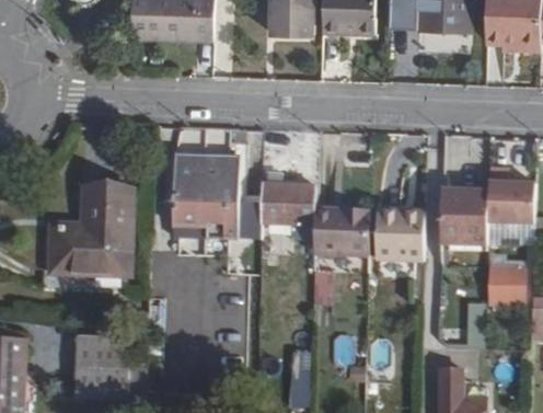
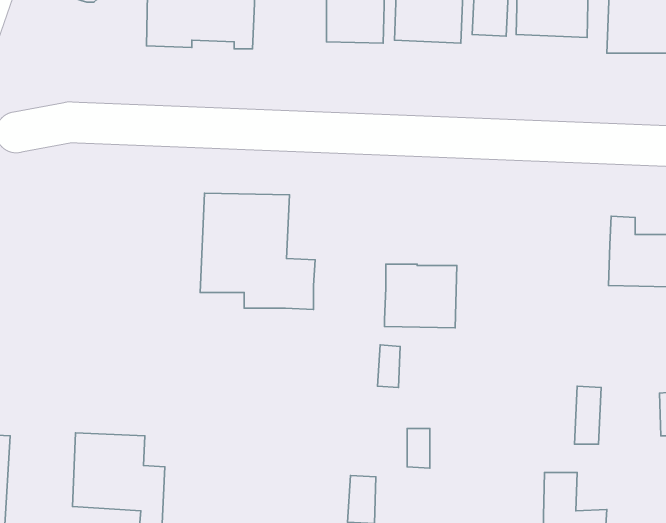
building: [259,171,316,226] -> none
building: [440,190,488,246] -> none
building: [51,192,130,275] -> none
building: [374,208,425,261] -> none
building: [490,268,523,303] -> none

